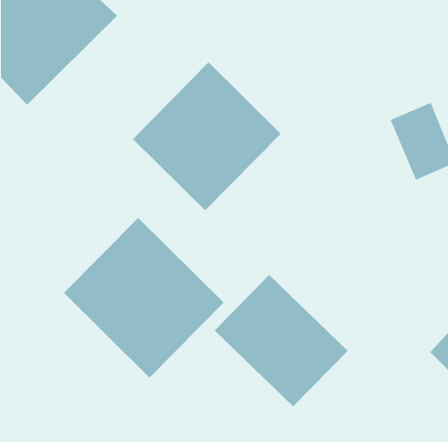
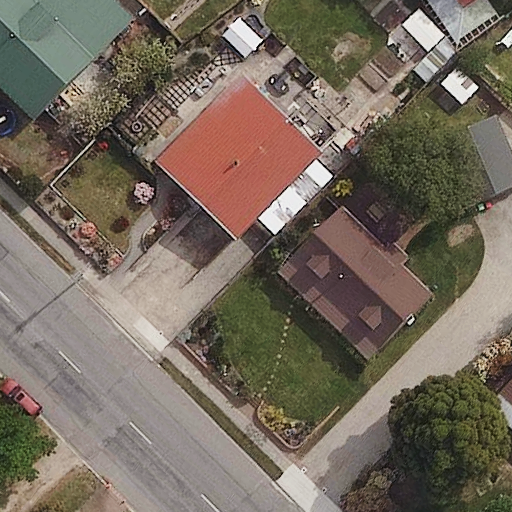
building: [63,217,225,378] -> none
building: [214,274,349,407] -> [280,205,433,356]

